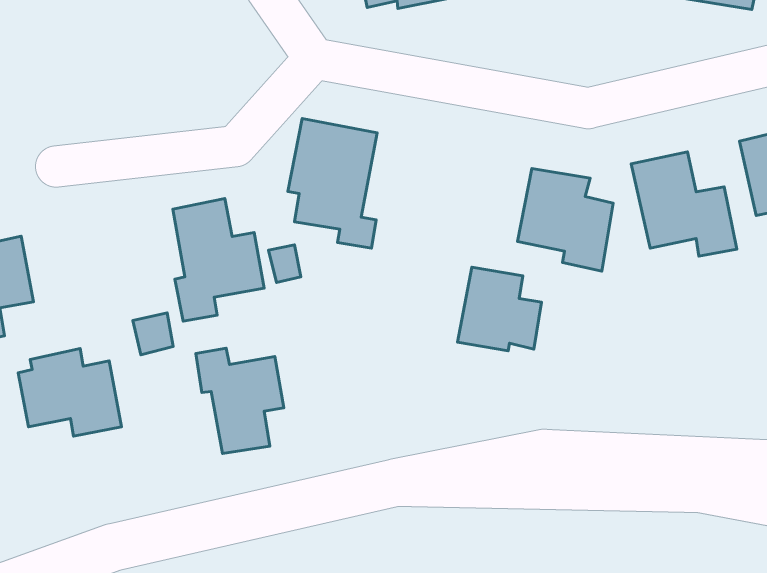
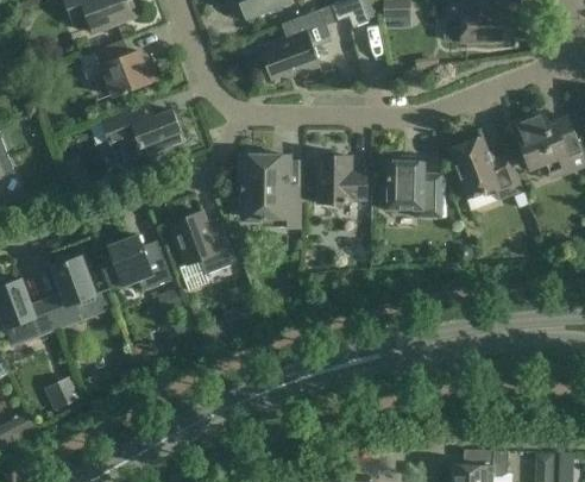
building: none -> [102,106,185,167]
building: [457,267,542,351] -> [319,156,366,204]
building: [196,348,284,454] -> none
building: [18,348,121,436] -> [103,236,172,290]

